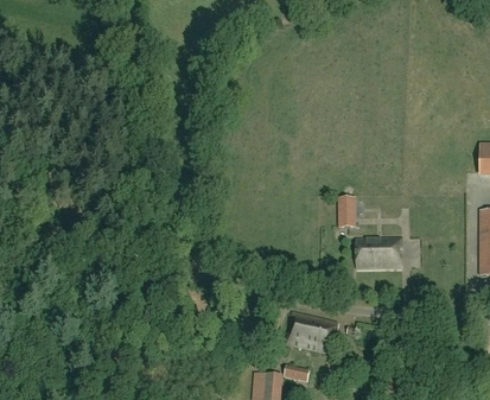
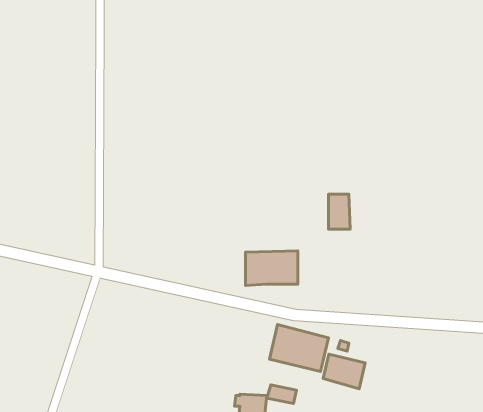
building: [355,237,401,268] -> [246,251,298,286]
building: none -> [323,354,365,389]

